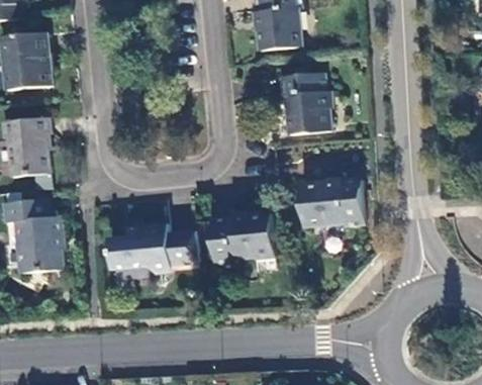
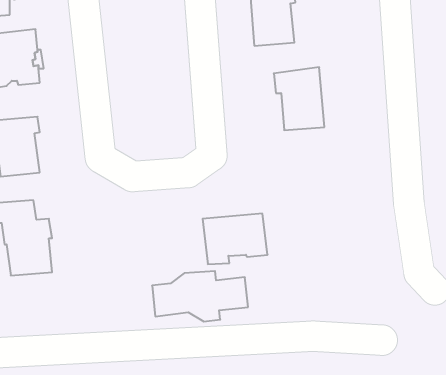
building: [299,180,363,225] -> none
building: [103,224,197,274] -> [152,271,248,322]

